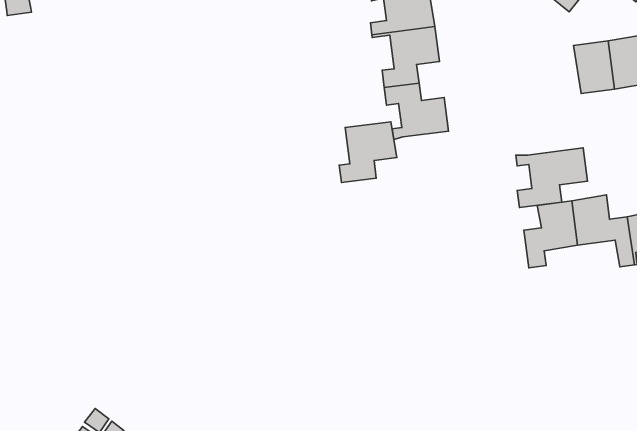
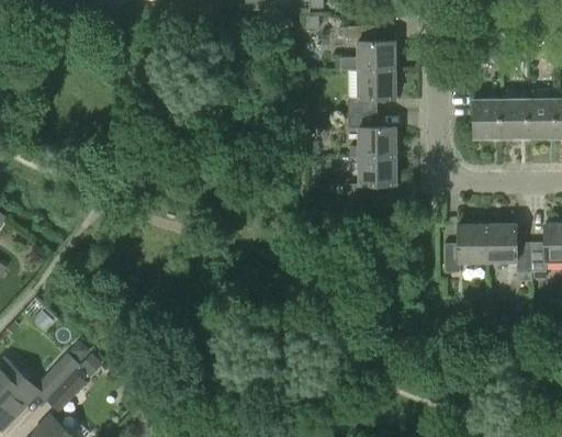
building: none -> [475,99,506,138]
building: [339,122,397,183] -> [349,155,396,199]
building: [516,148,587,208] -> none

